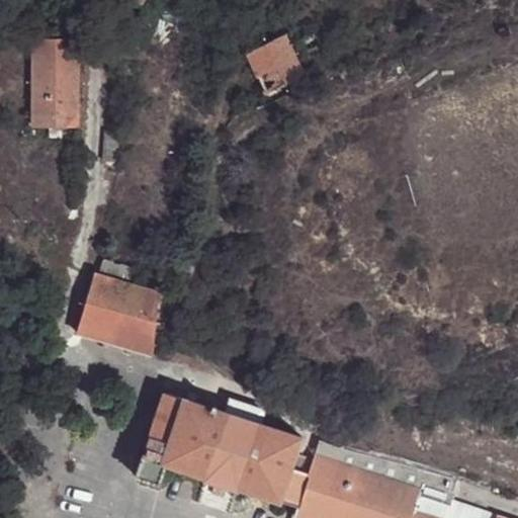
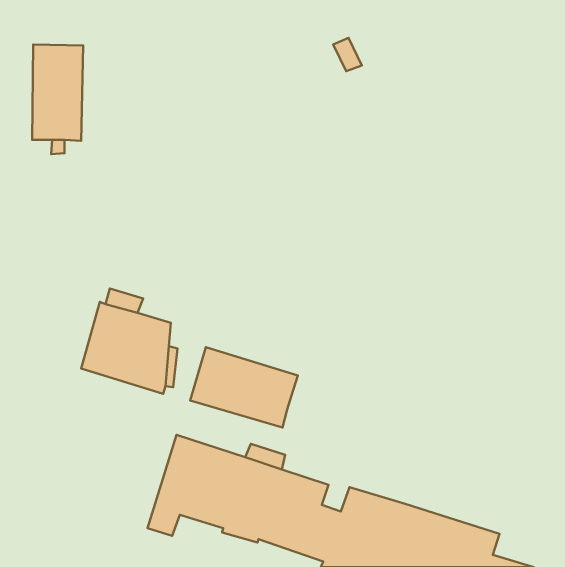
building: [246,31,305,97] -> none
building: none -> [190,347,298,428]

